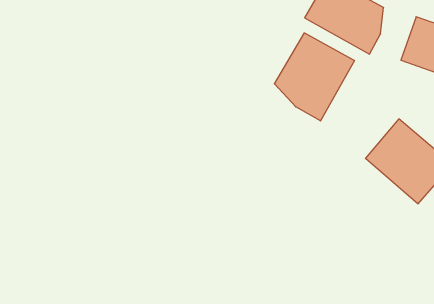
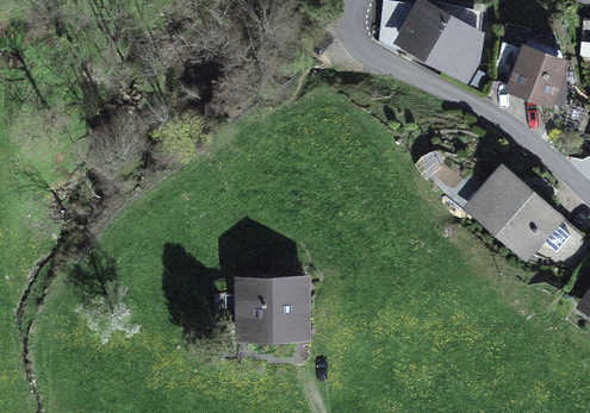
building: [274,33,354,121] -> none
building: none -> [236,275,311,342]

